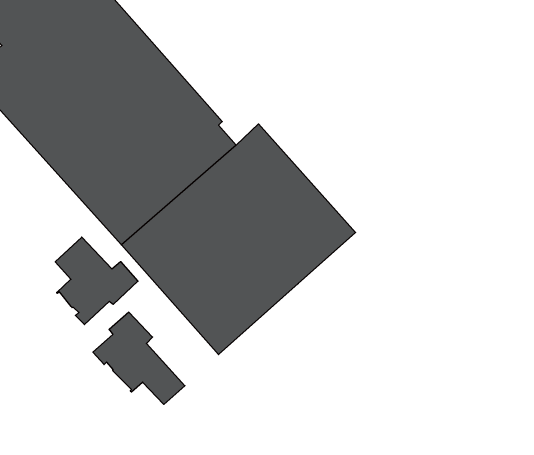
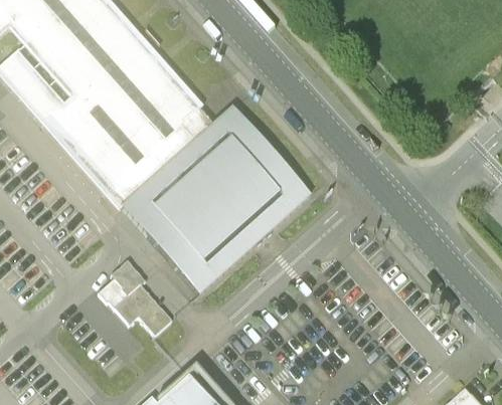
building: [55,237,138,325] -> none

